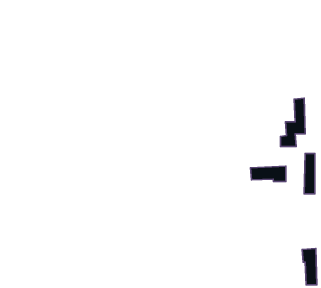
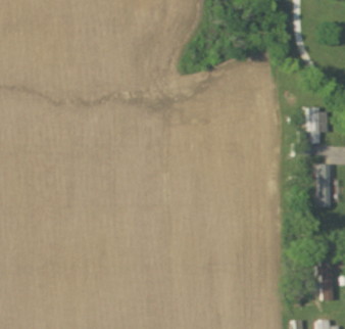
building: [251,166,286,182] -> none

